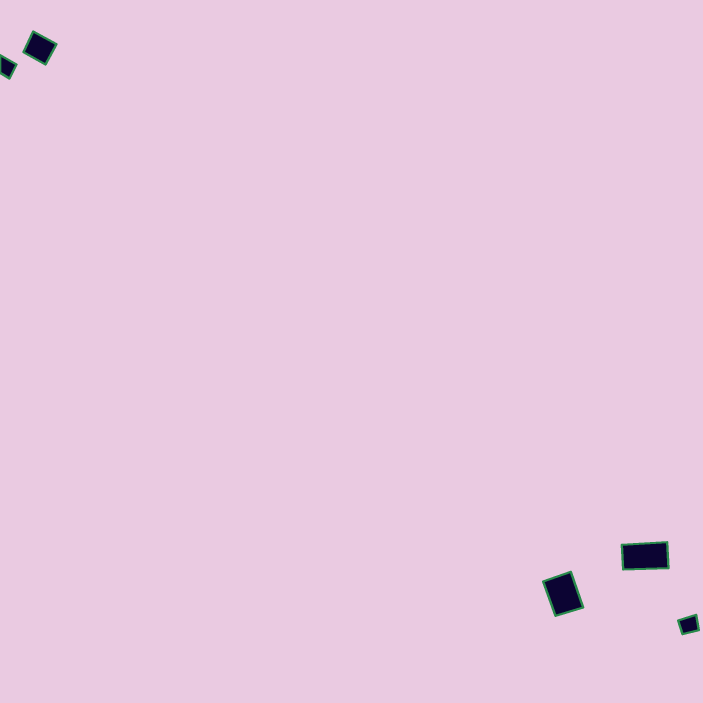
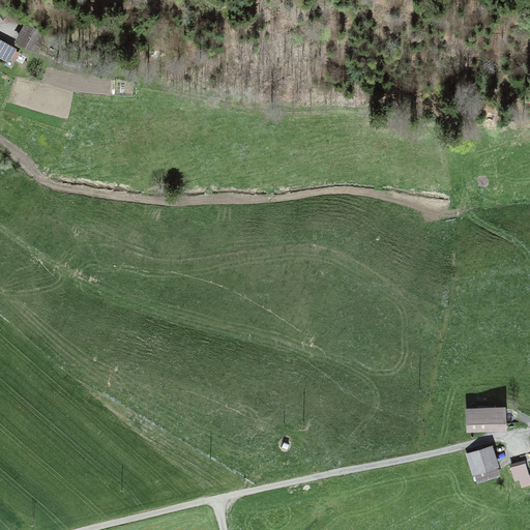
building: [543,572,583,616] -> [467,447,497,480]

